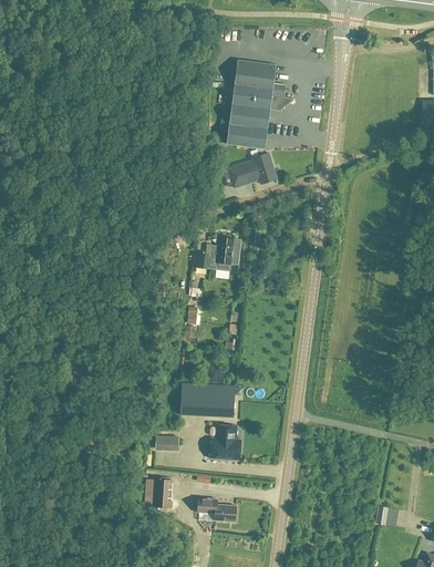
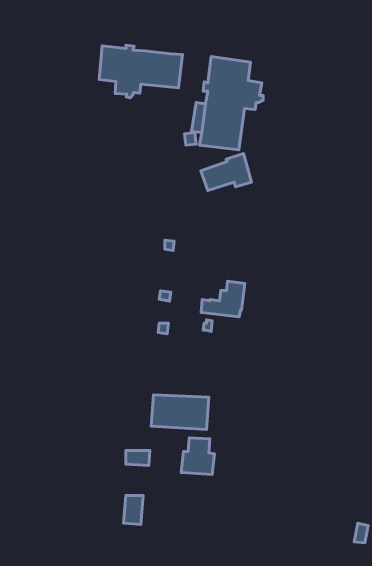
building: none -> [99,45,183,98]
building: [193,236,235,270] -> [201,281,245,317]
building: [196,496,236,522] -> none

